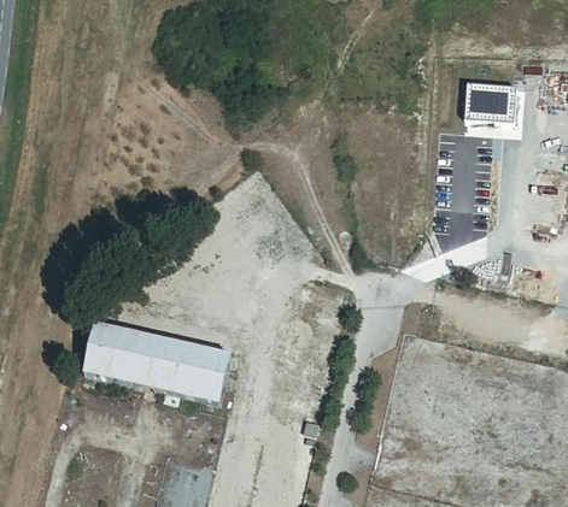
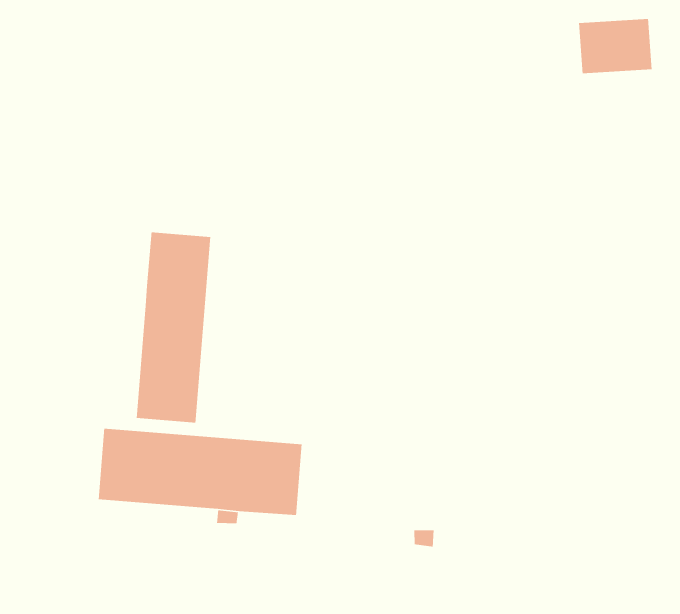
building: none -> [136,231,211,424]

